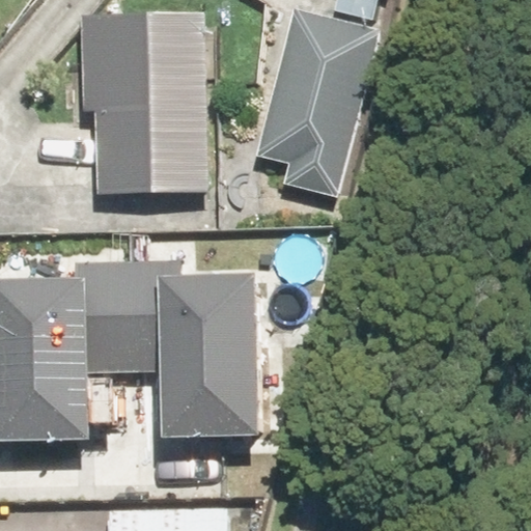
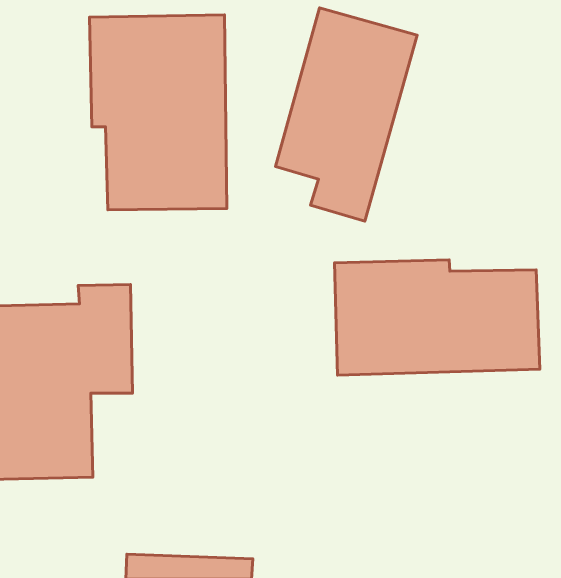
building: none -> [335,260,540,375]
building: [119,260,263,434] -> none

